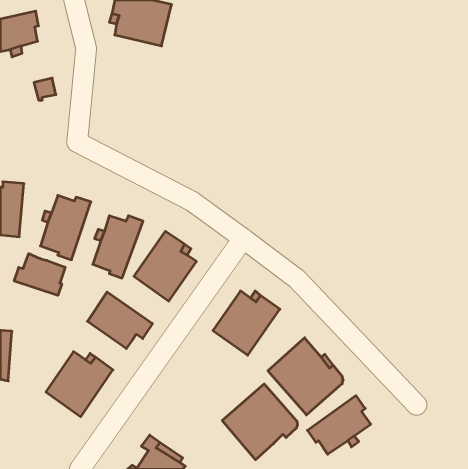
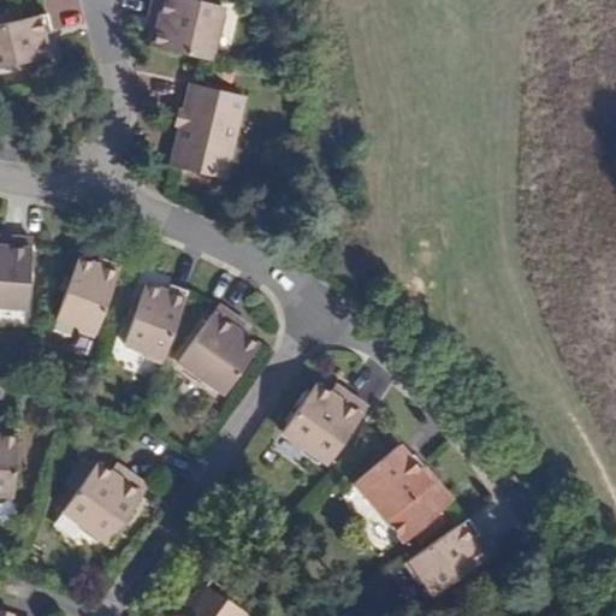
building: none -> [170,83,247,182]
building: [14,254,65,295] -> none
building: [87,292,152,349] -> none
building: [222,384,297,460] -> none

